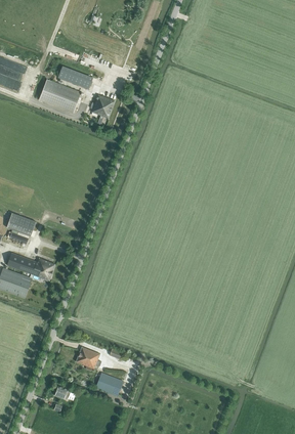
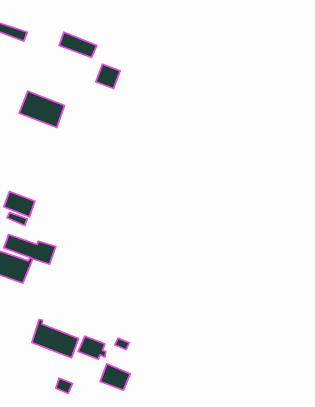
building: [38,79,80,113] -> [19,91,65,128]
building: none -> [32,319,79,358]

